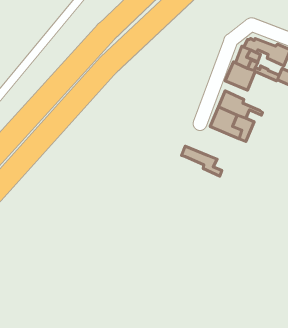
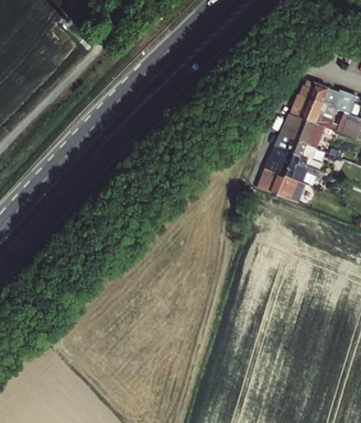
building: [182,146,222,176] -> [275,132,322,167]

